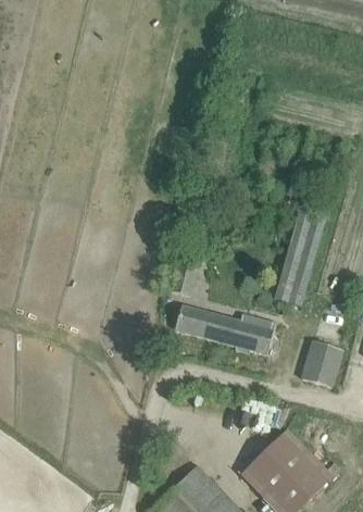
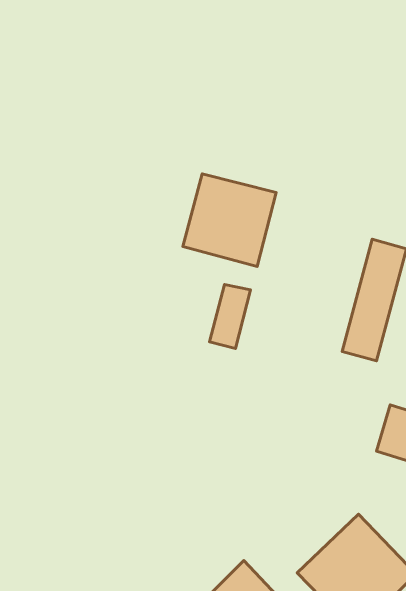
building: none -> [183,174,276,266]
building: [175,304,276,353] -> none

